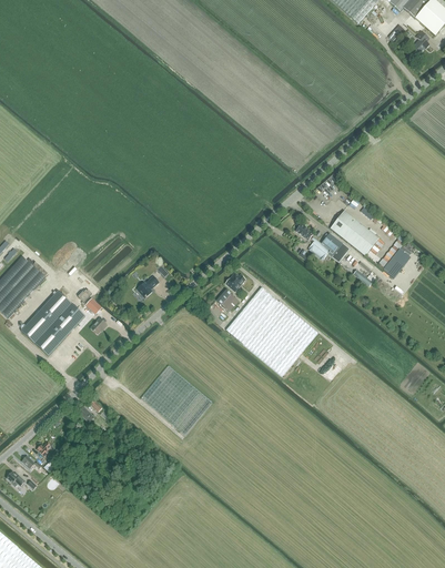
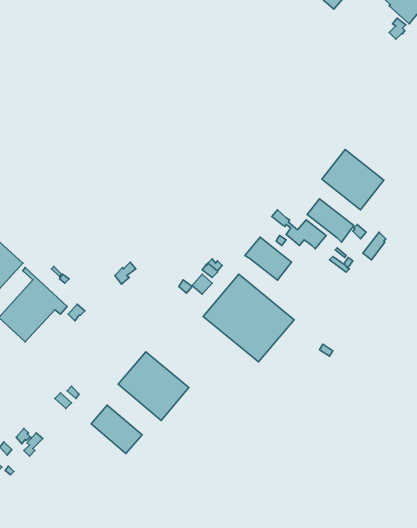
building: none -> [322,150,384,210]
building: none -> [245,237,291,280]
building: none -> [91,405,142,453]

